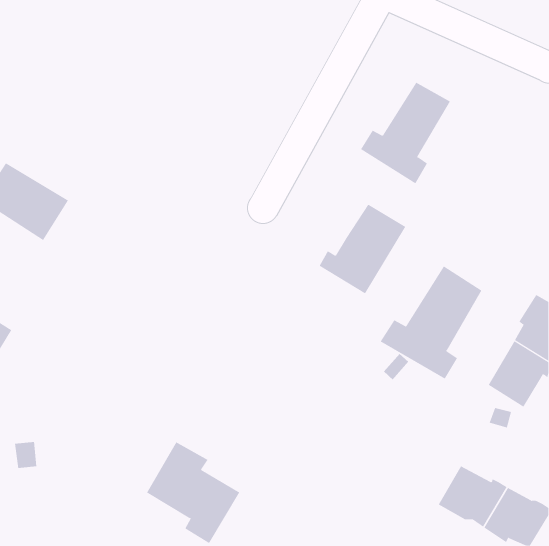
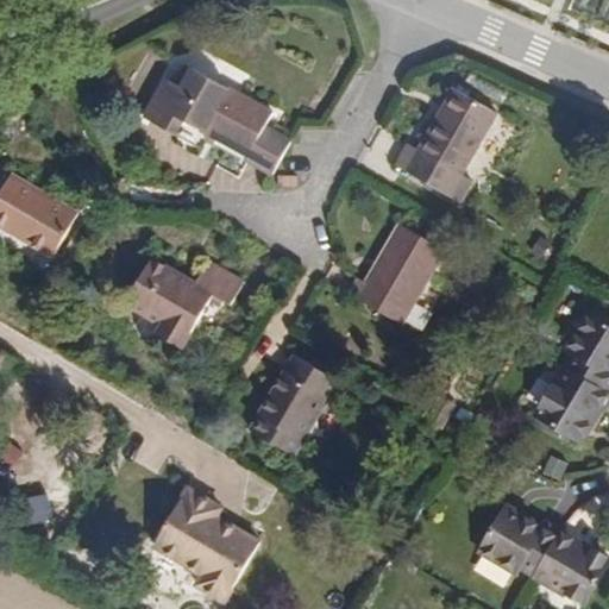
building: none -> [146,61,290,169]
building: none -> [127,263,243,351]
building: [380,265,482,379] -> none
building: none -> [251,356,340,456]

